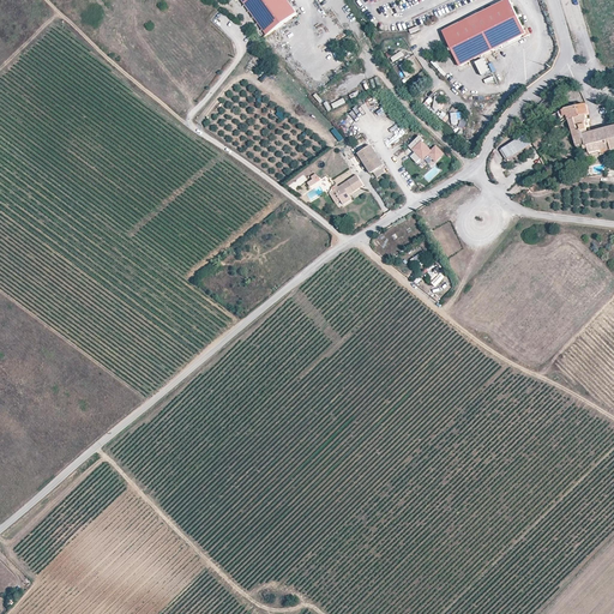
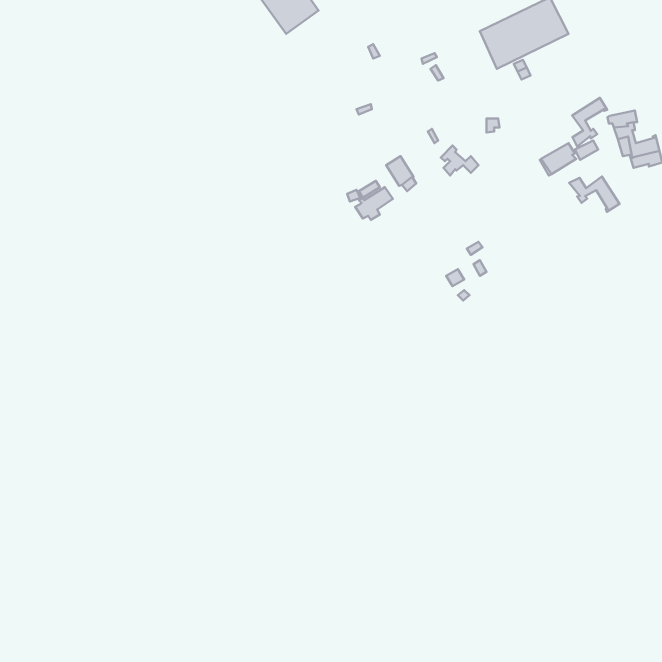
building: none -> [572,98,607,147]
building: none -> [569,176,620,212]

